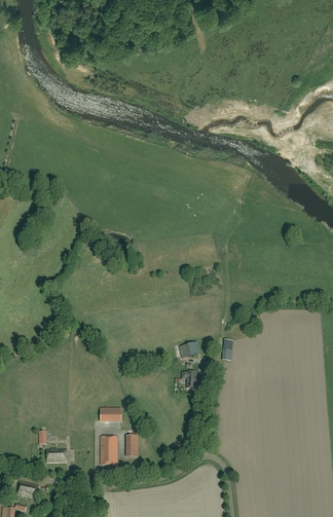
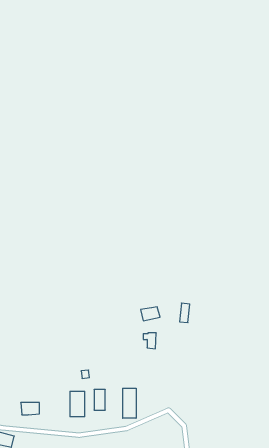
building: none -> [123,388,136,418]

